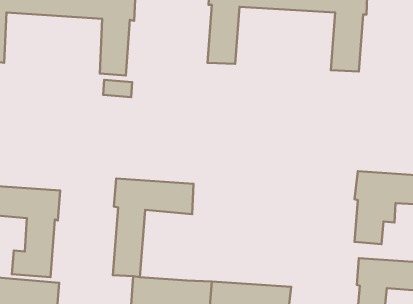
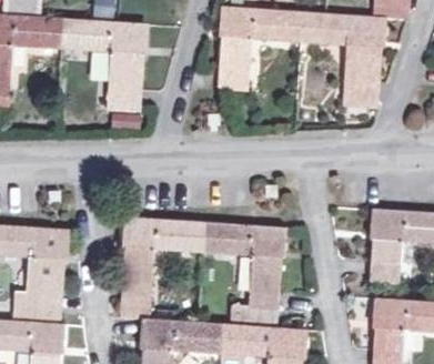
building: none -> [202,222,285,310]

